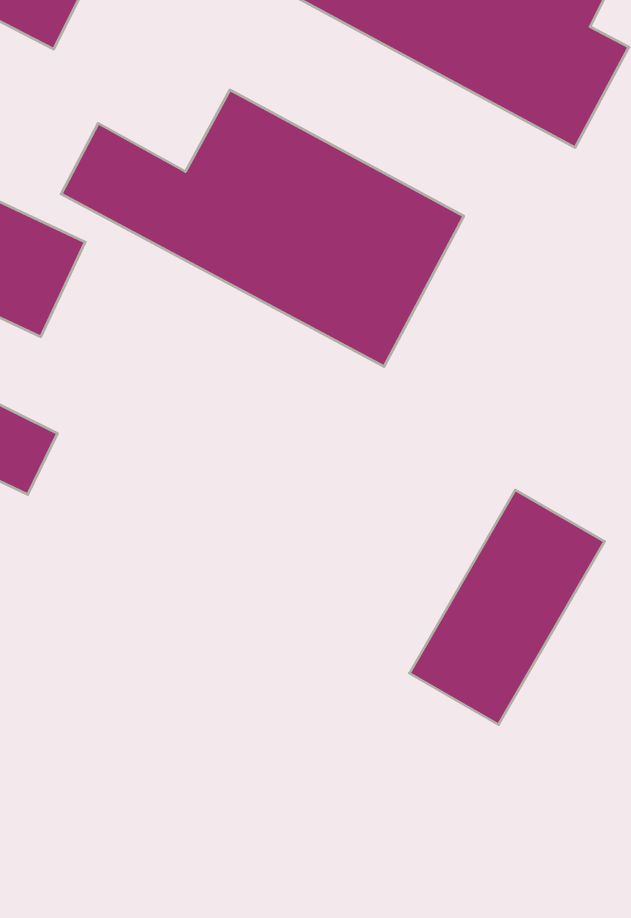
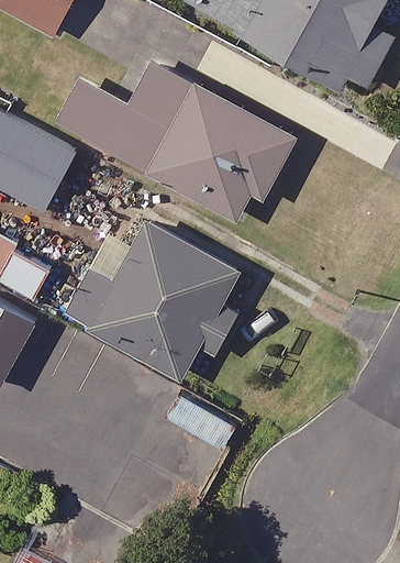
building: none -> [67,214,241,377]
building: [409,490,605,725] -> none

